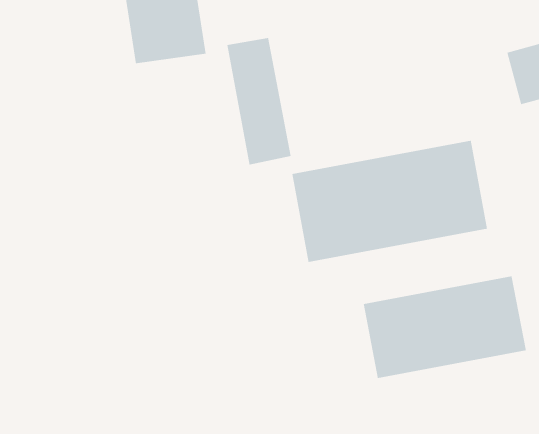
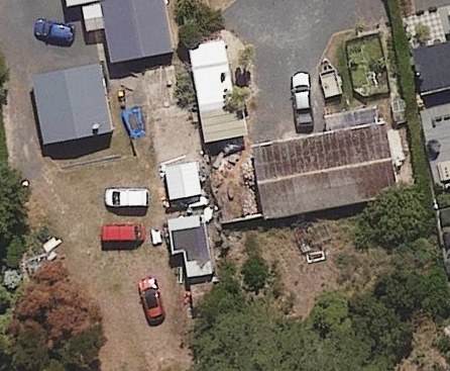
building: none -> [31,66,110,143]
building: [363,275,526,379] -> none

